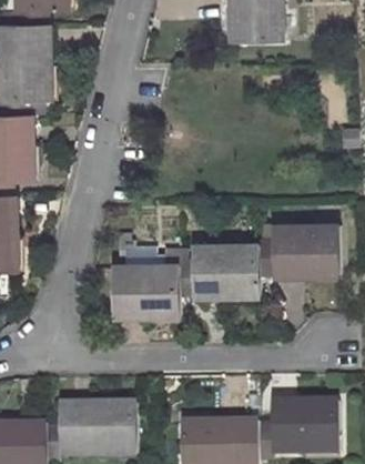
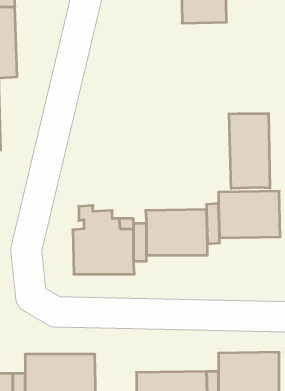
building: none -> [229,113,270,189]

